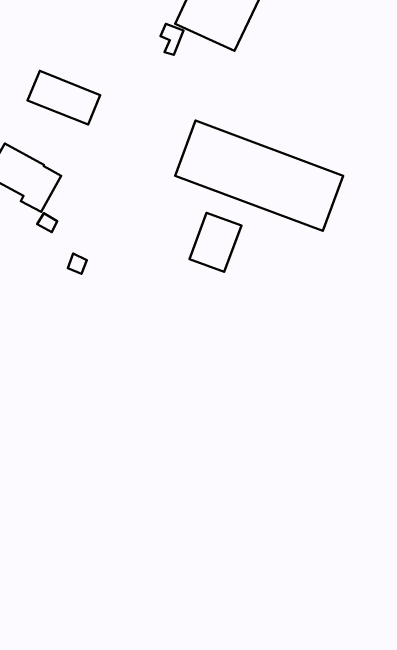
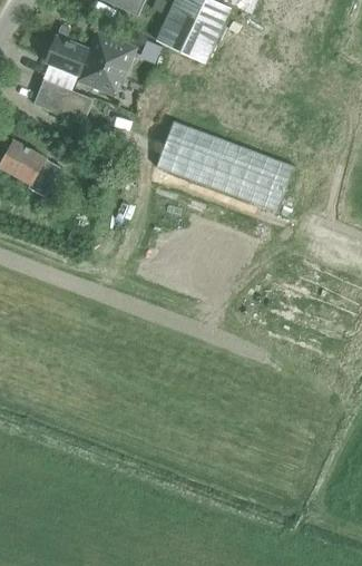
building: none -> [45,30,137,98]
building: [189,213,241,272] -> none

